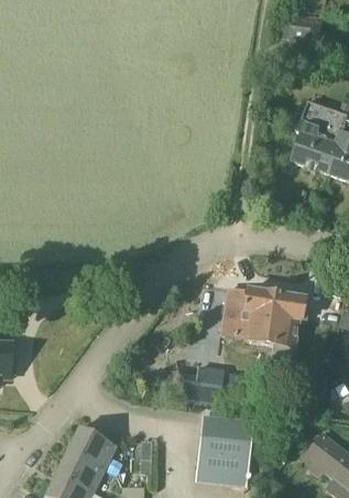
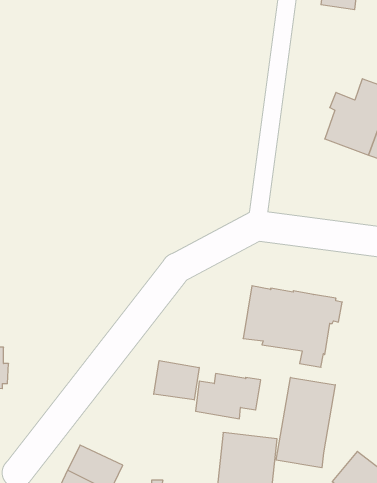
building: none -> [154,361,199,400]
building: none -> [276,377,335,468]

